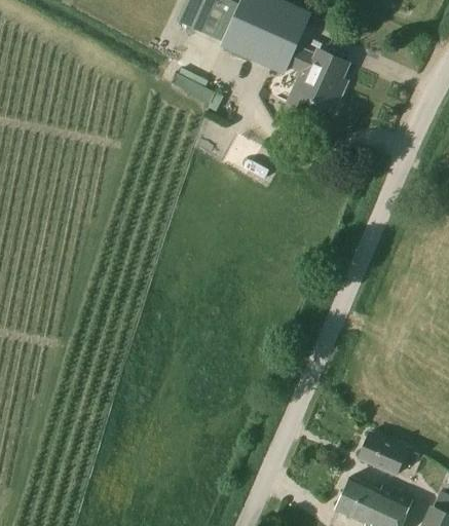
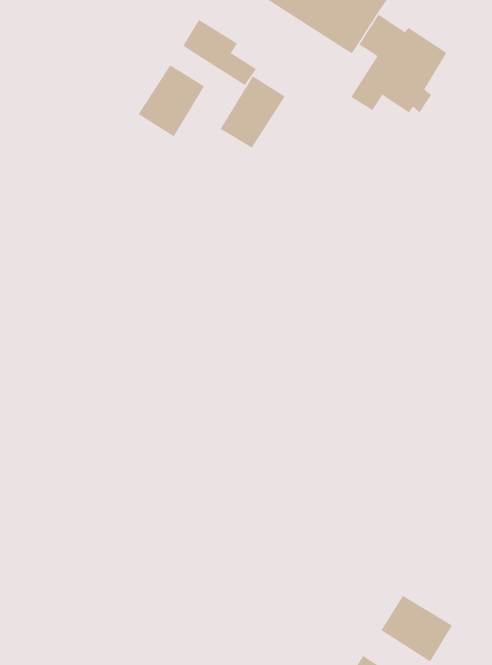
building: none -> [220,76,285,149]
building: none -> [138,64,205,137]

